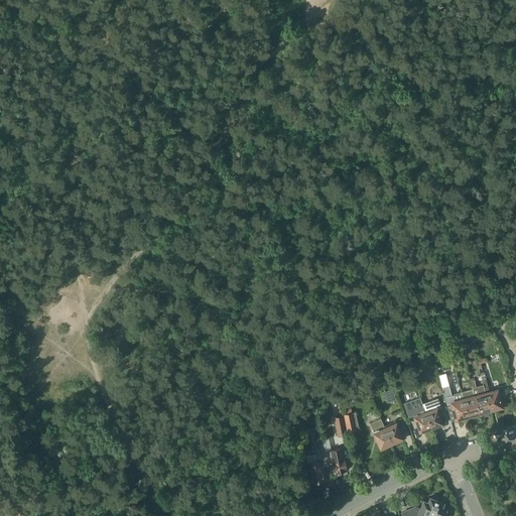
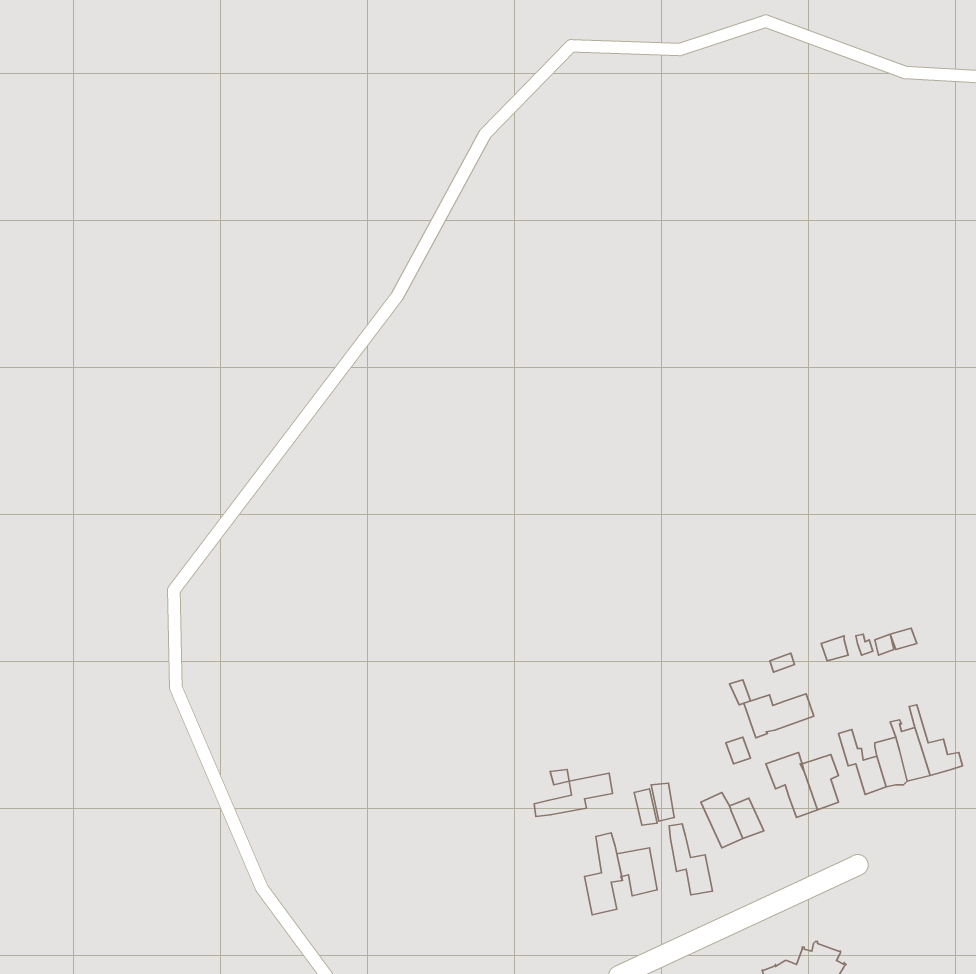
building: none -> [744,694,814,738]
building: none -> [534,773,613,817]
building: none -> [669,824,712,895]

